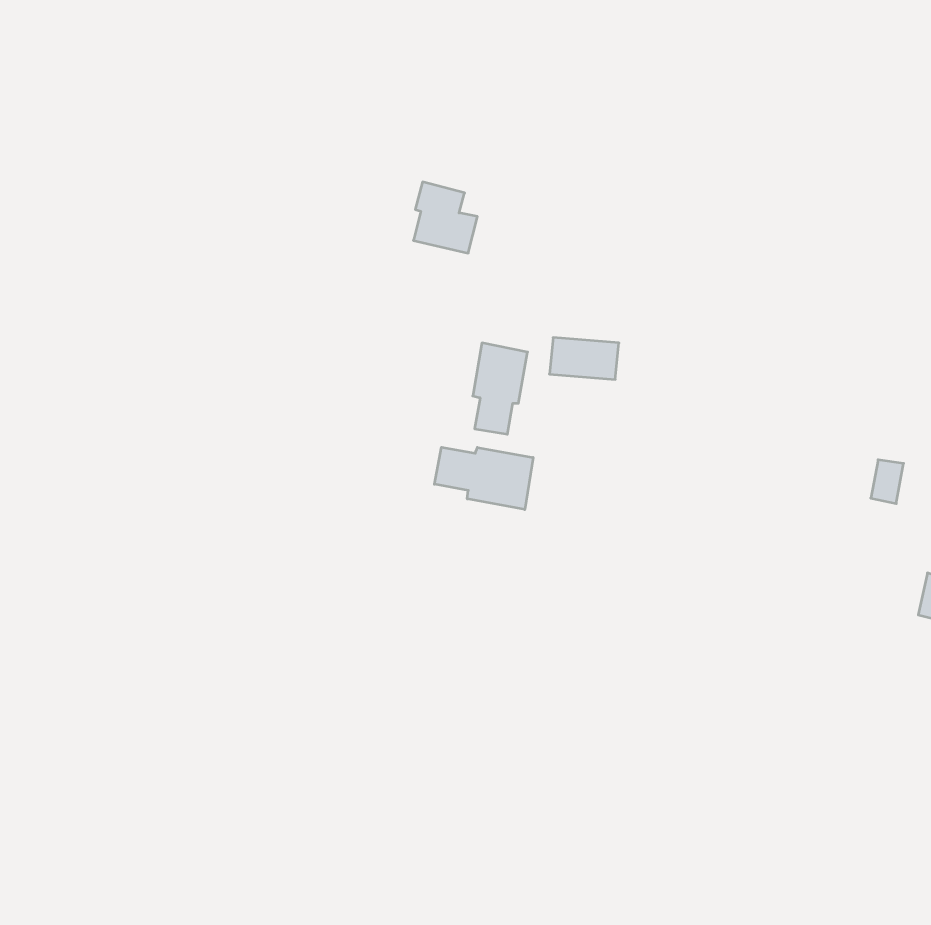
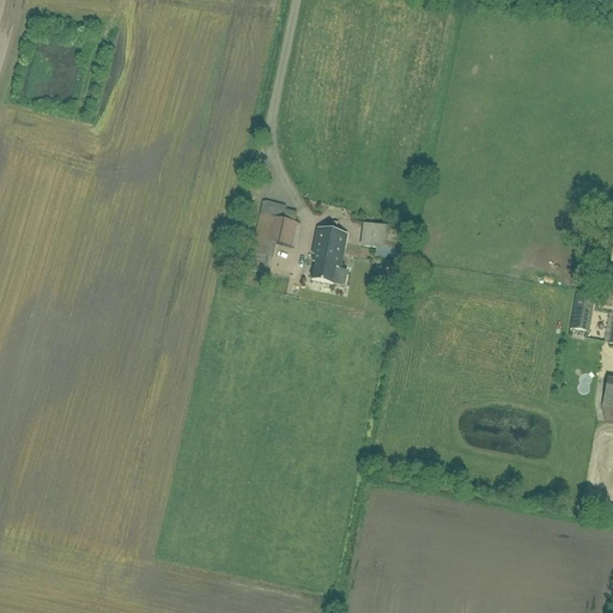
building: [413,182,477,253] -> [257,198,299,244]
building: [434,447,533,510] -> none

